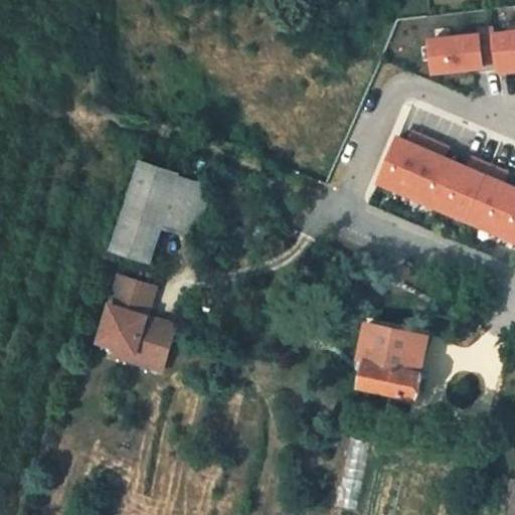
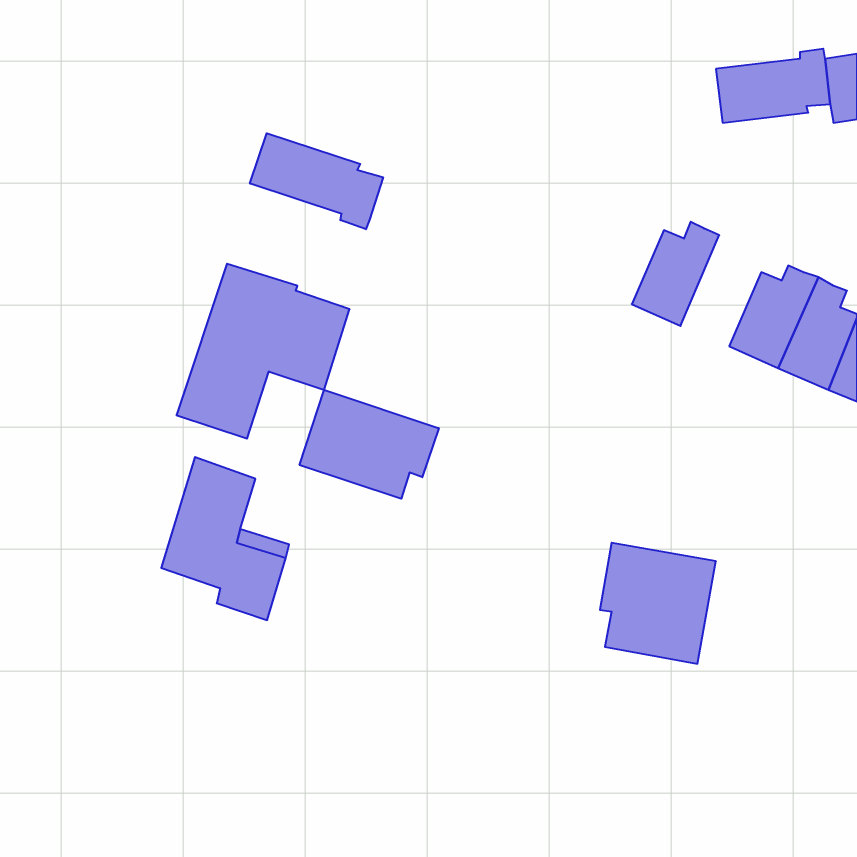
building: none -> [250,133,383,229]
building: [407,142,456,208] -> none
building: none -> [300,390,439,499]

